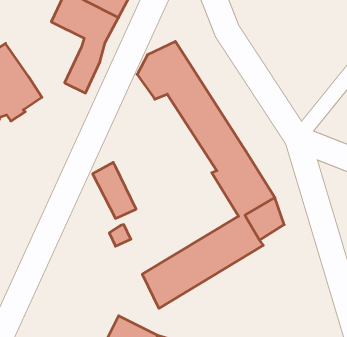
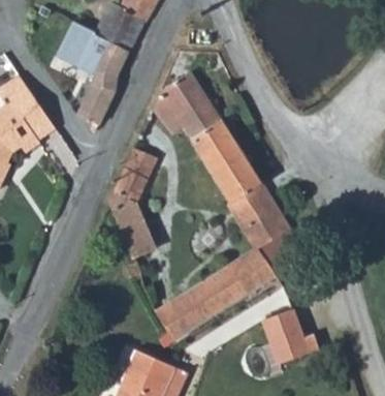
building: none -> [108,147,156,206]
building: none -> [263,307,318,359]

